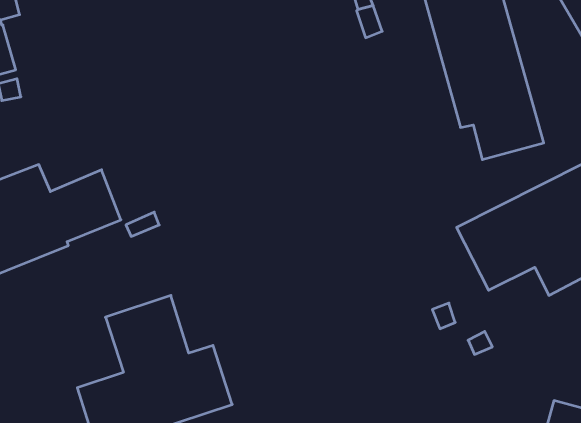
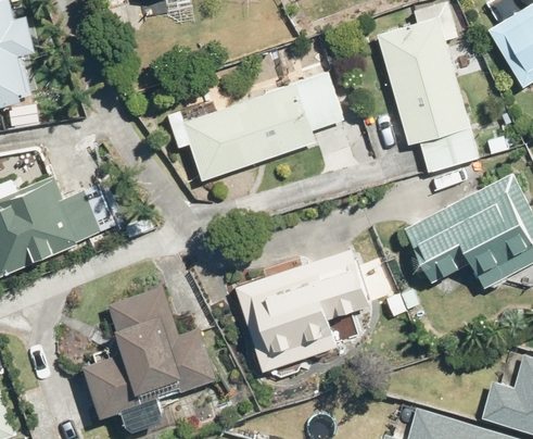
building: none -> [167,75,342,181]
building: none -> [234,250,369,372]

